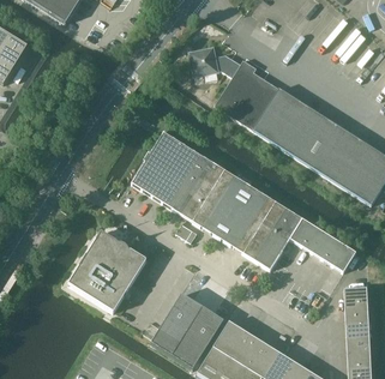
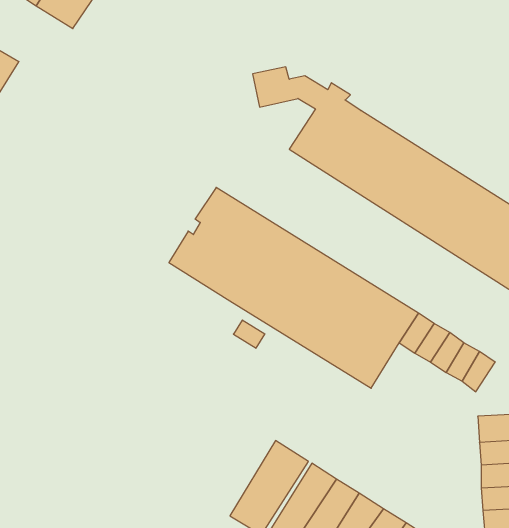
building: [68,230,146,311] -> none
building: [150,291,204,356] -> none

